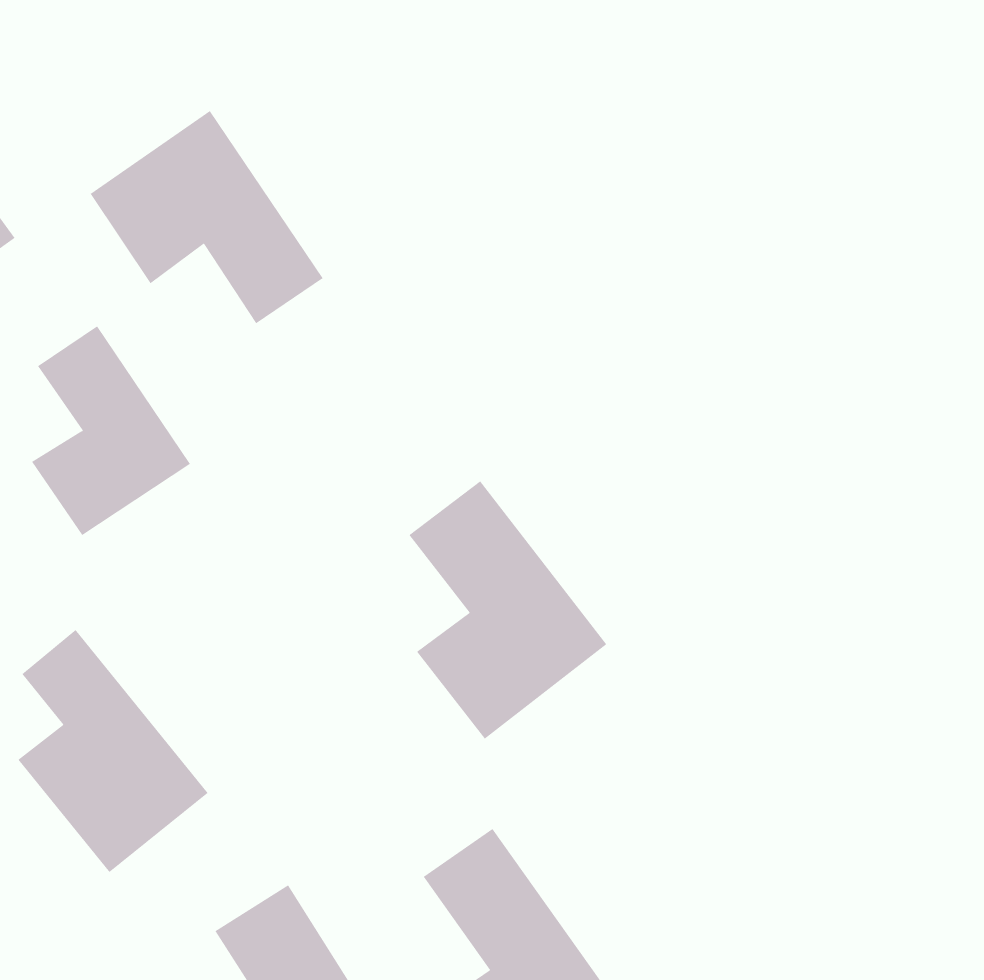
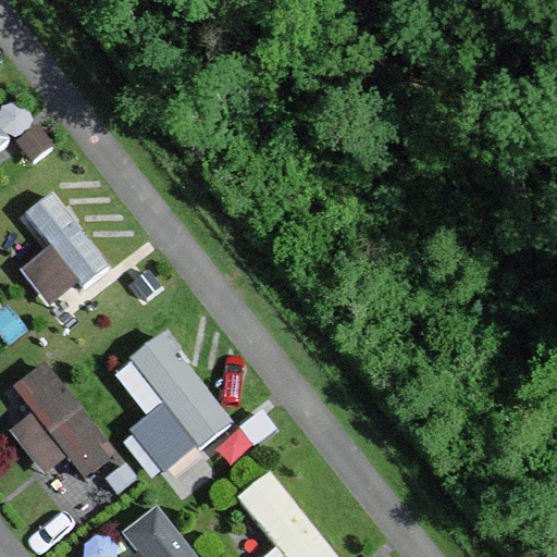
building: [90,110,324,324] -> none
building: [408,481,607,740] -> [123,333,234,478]

